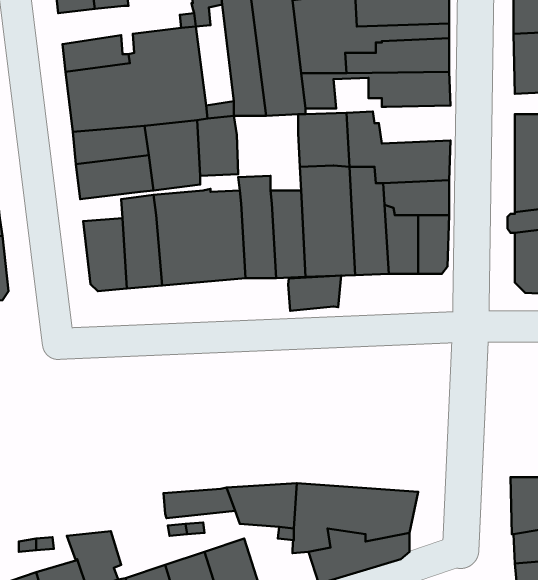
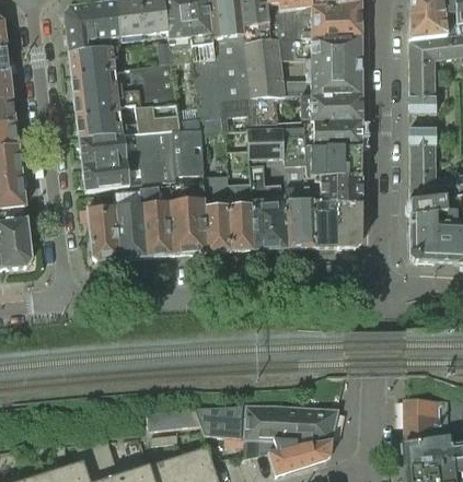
building: none -> [69,46,119,74]
building: none -> [309,120,362,149]
building: [288,276,341,311] -> none

